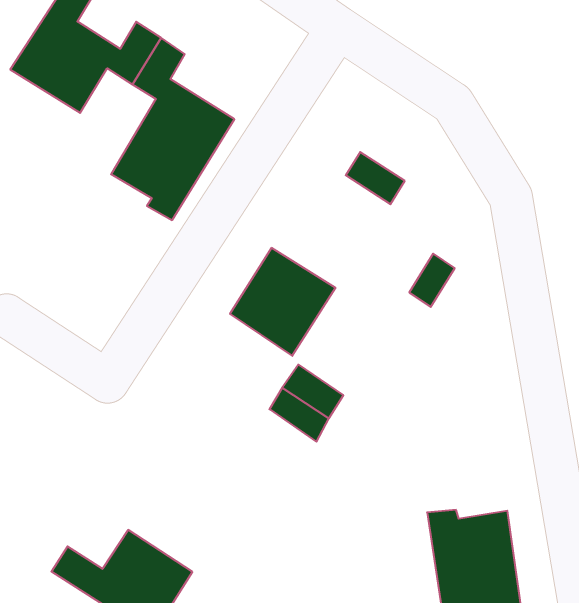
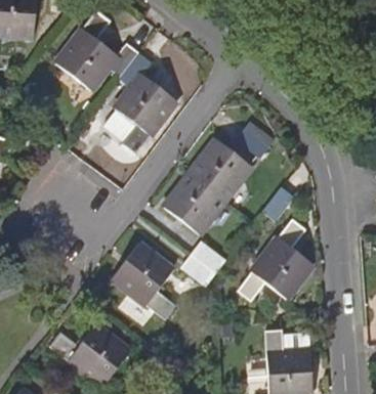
building: none -> [191,140,251,201]
building: none -> [237,217,311,299]
building: none -> [110,245,173,320]

